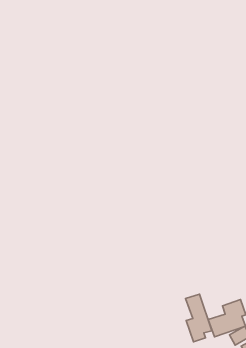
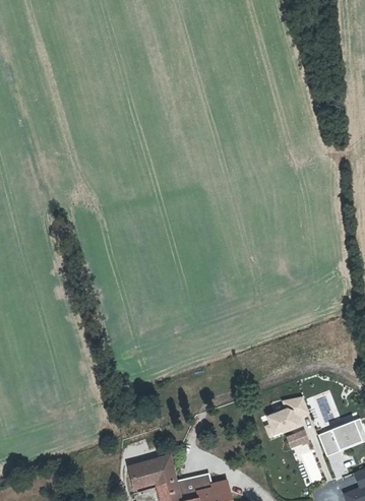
building: [186,294,212,342] -> none

